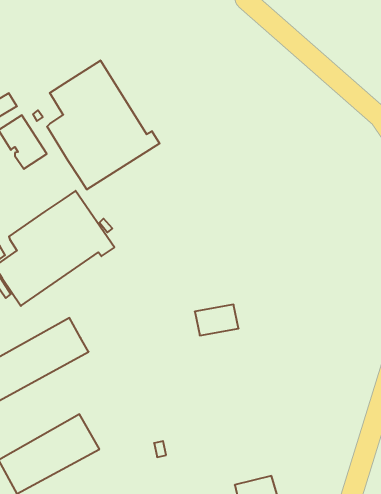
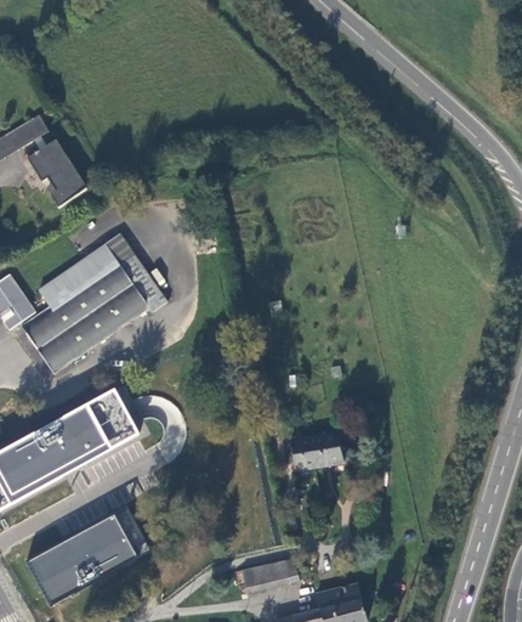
building: [47,60,160,190] -> none
building: [195,305,239,335] -> [289,432,342,470]
building: none -> [238,559,297,598]

